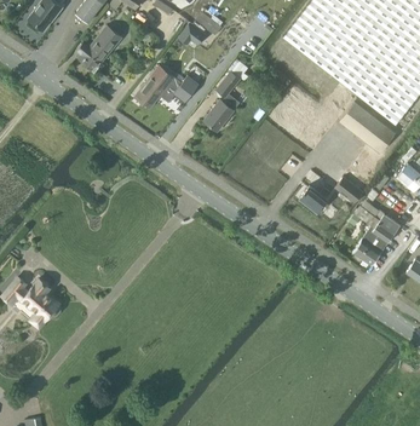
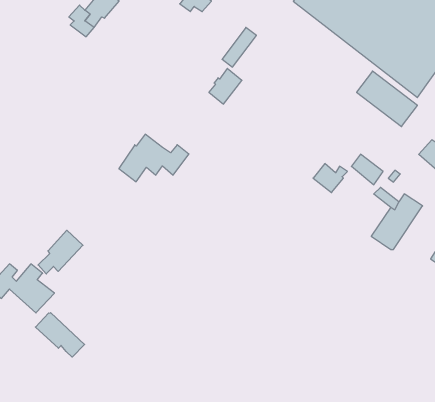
building: [136,65,200,109] -> [119,134,189,182]
building: none -> [38,230,83,274]
building: none -> [35,313,85,357]

